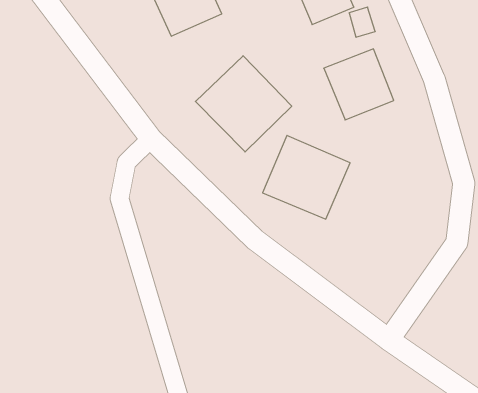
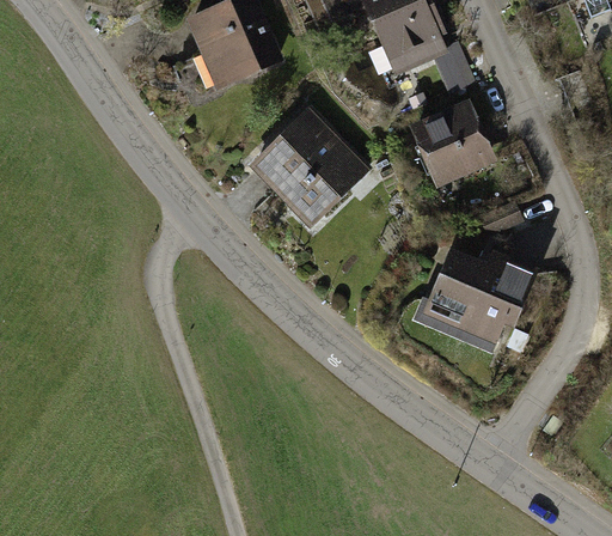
building: [263,135,350,219] -> [423,243,531,346]

